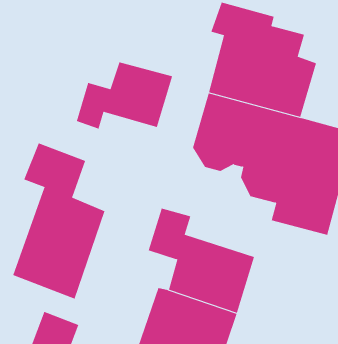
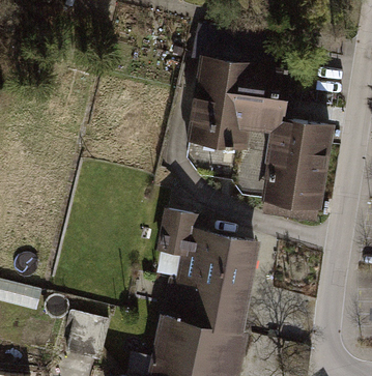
building: [76,61,173,129] -> none
building: [12,143,105,300] -> none

